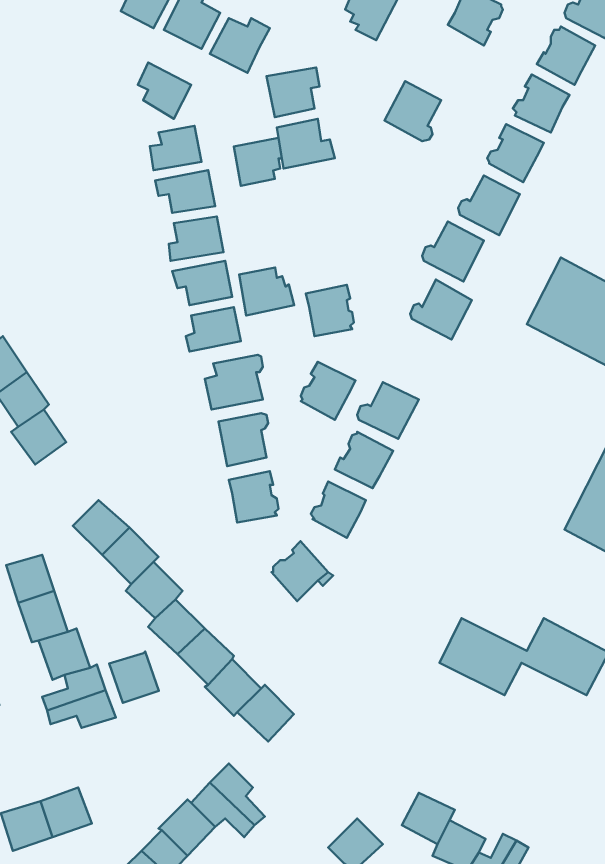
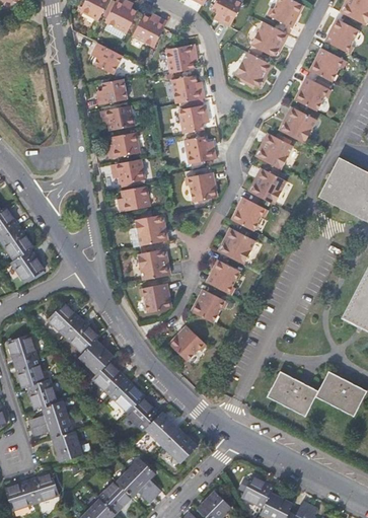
building: none -> [248,22,282,59]
building: [234,138,282,186] -> [177,105,206,134]
building: [239,268,294,315] -> [182,137,215,165]
building: [301,362,355,420] -> [231,198,264,232]
building: [109,651,159,703] -> [54,429,83,459]
building: none -> [164,428,197,460]

